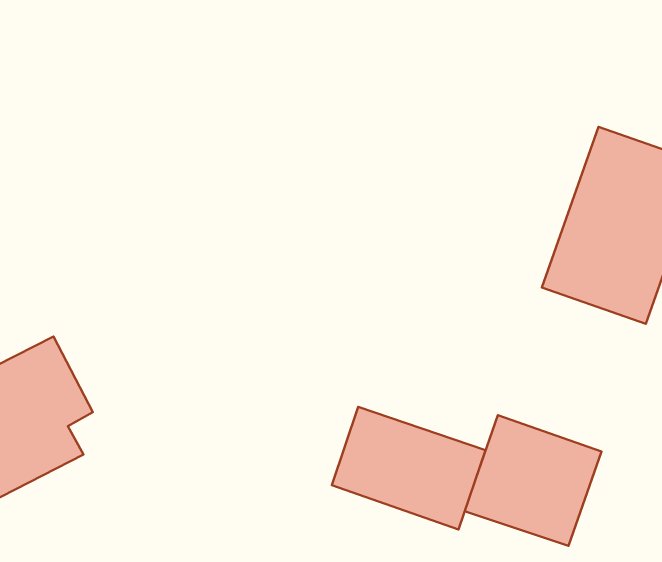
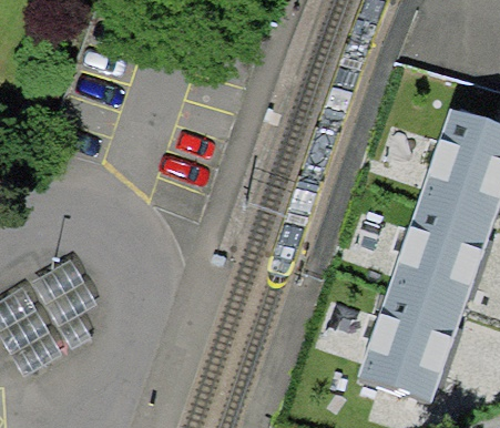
building: none -> [380,222,484,337]
building: [332,407,486,530] -> none

